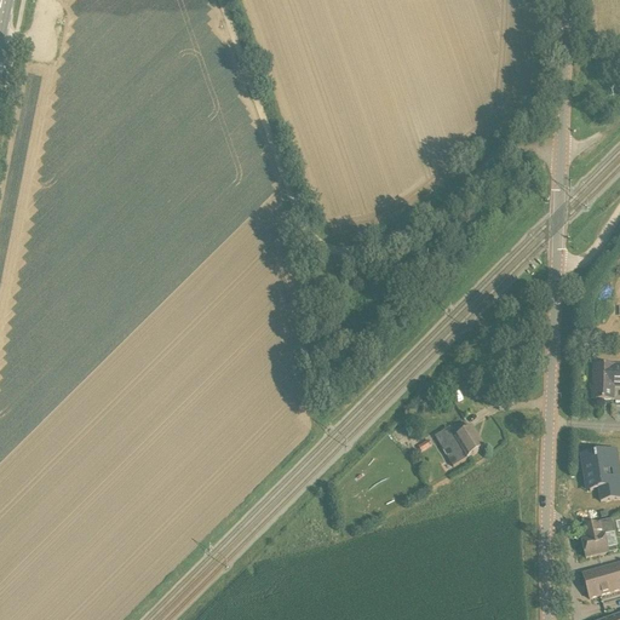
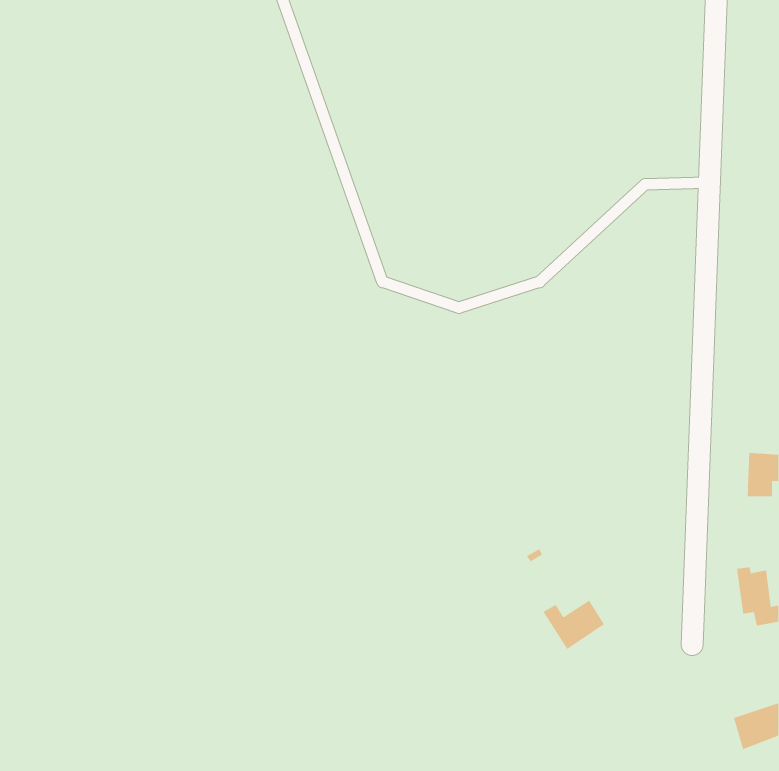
building: [435,423,484,463] -> [542,600,605,650]
building: [581,517,613,555] -> none

